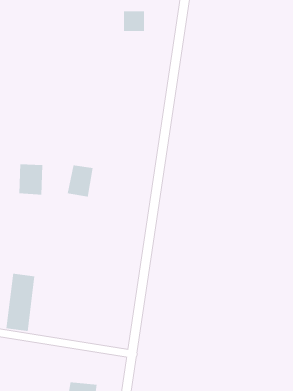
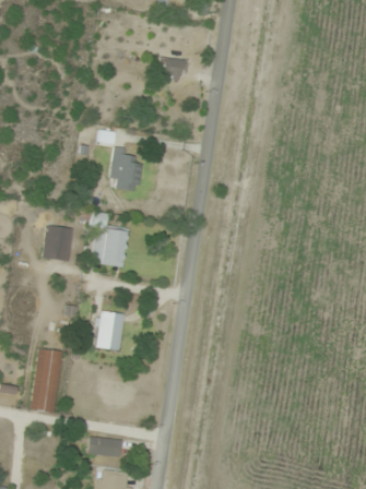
building: none -> [109,146,143,192]
building: none -> [97,311,123,349]
building: none -> [90,437,121,457]

